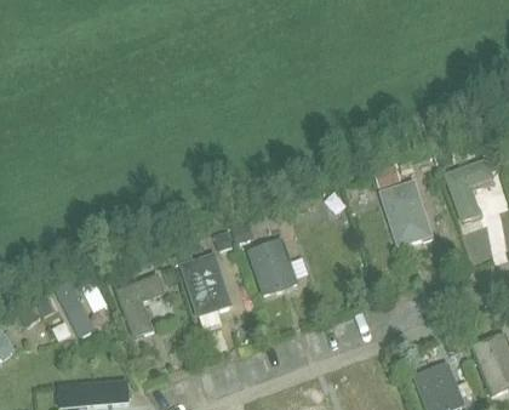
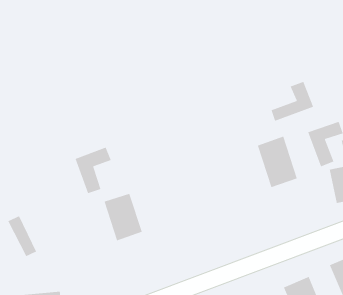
building: none -> [271,81,314,122]
building: [247,239,296,292] -> none
building: [115,273,164,335] -> [75,146,112,194]

